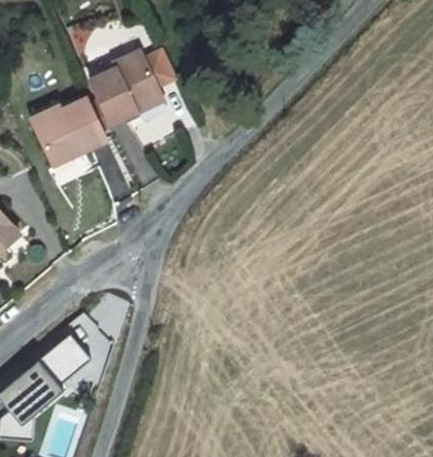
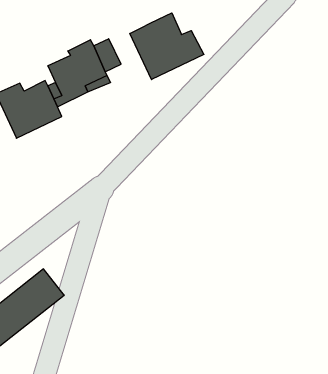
building: none -> [130,13,204,80]

